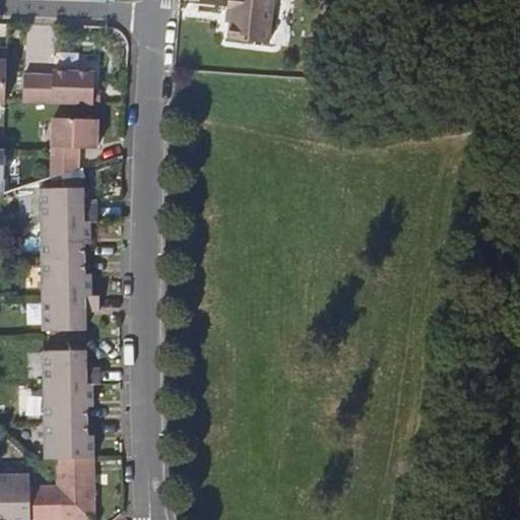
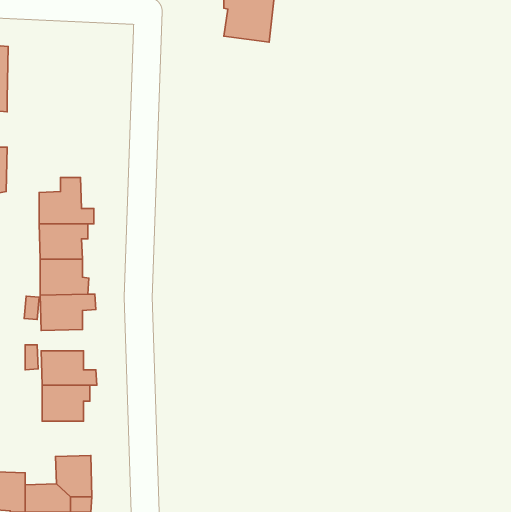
building: [25,69,96,102] -> none
building: [54,117,101,176] -> none
building: [43,425,91,460] -> none

